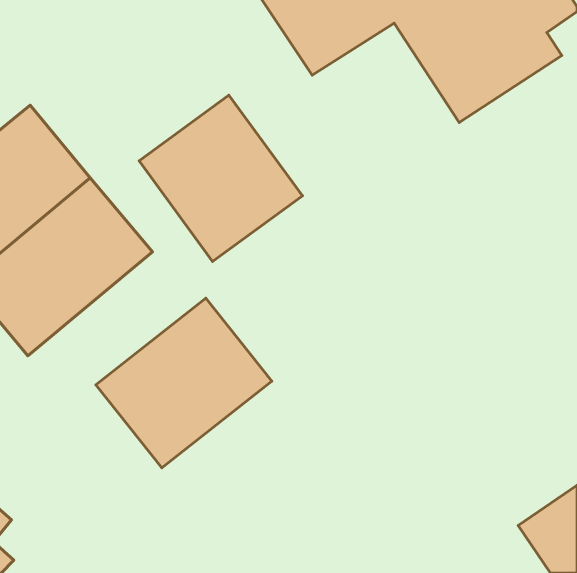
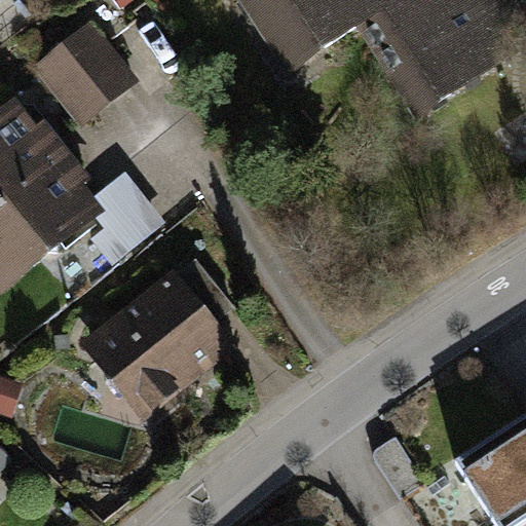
building: none -> [32,22,136,127]
building: [139,95,302,261] -> none

